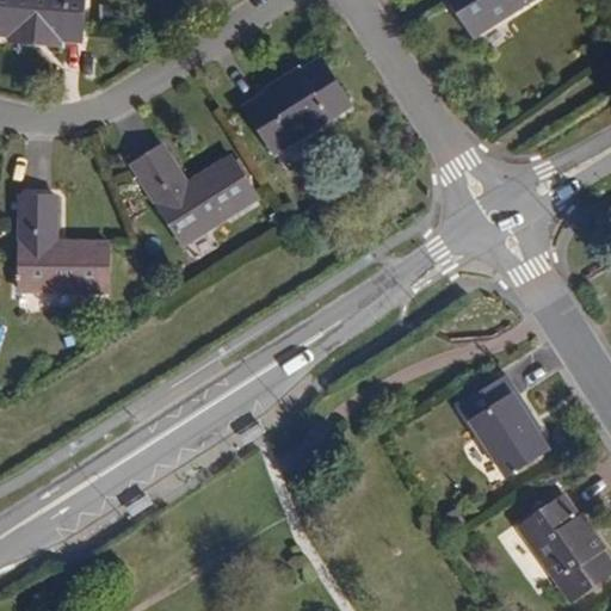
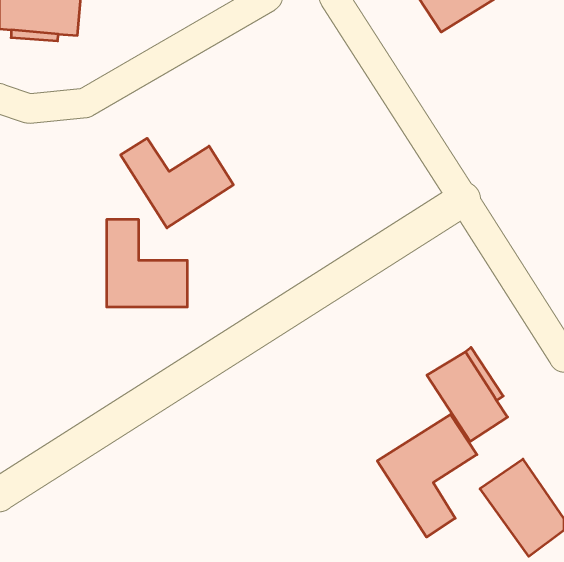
building: [247,60,351,153] -> none
building: [20,195,107,289] -> [107,220,187,307]
building: none -> [377,414,477,537]

